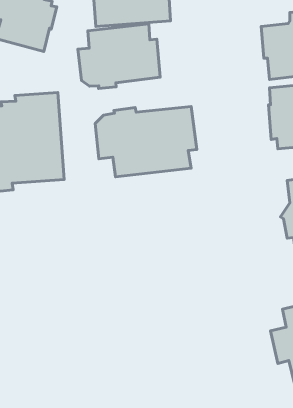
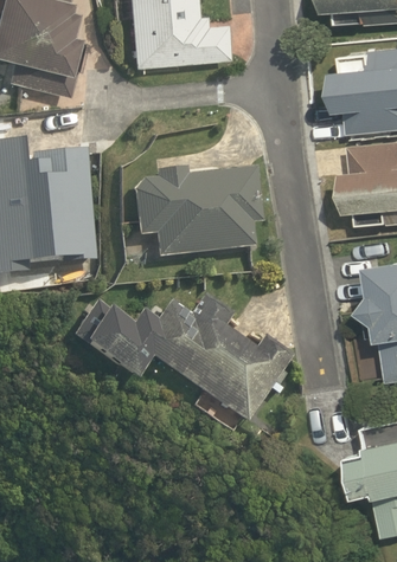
building: [78,24,160,88] -> none
building: none -> [72,295,292,421]

